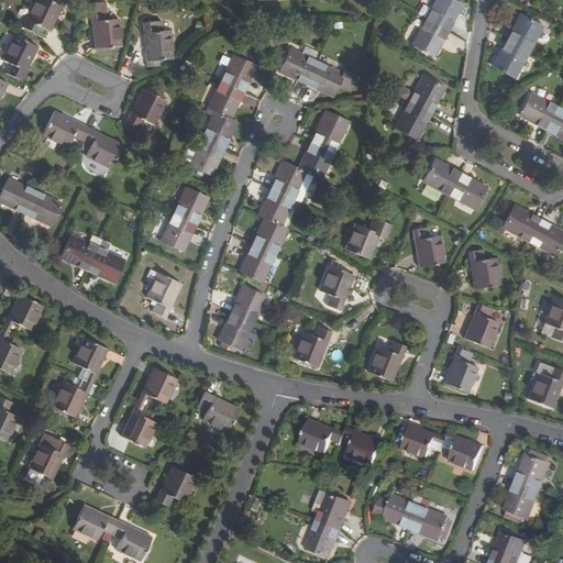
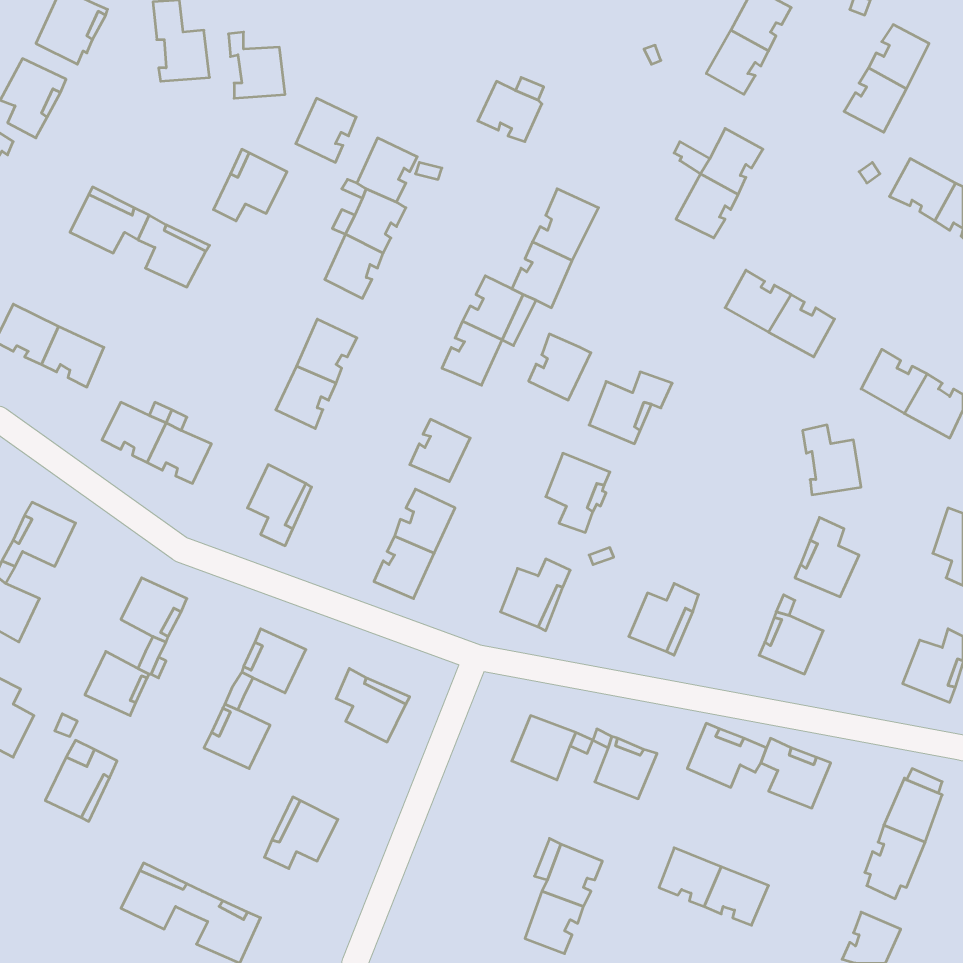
building: [220,54,255,91] -> [296,98,356,162]
building: [306,60,356,96] -> none
building: [251,217,287,255] -> [529,334,591,400]
building: [411,227,446,266] -> none

